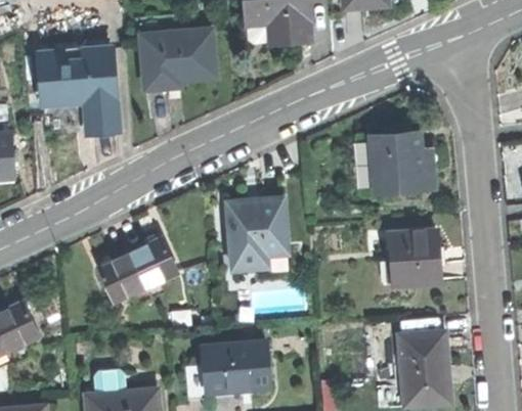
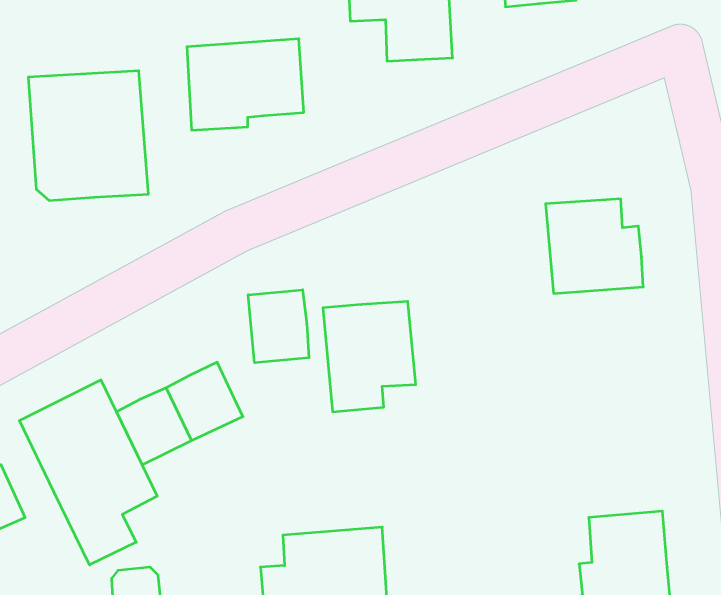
building: none -> [248,290,309,363]
building: [391,230,439,283] -> none
building: none -> [19,380,157,565]

